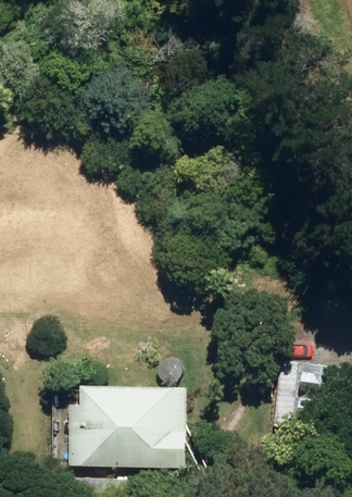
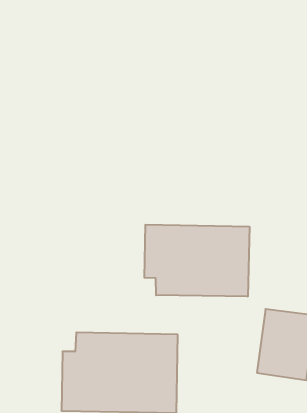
building: none -> [144,225,249,297]

